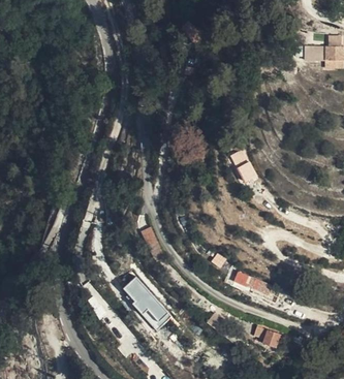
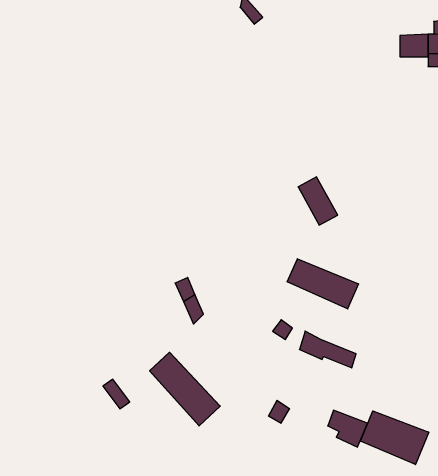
building: none -> [287,259,359,309]
building: none -> [361,411,429,465]

